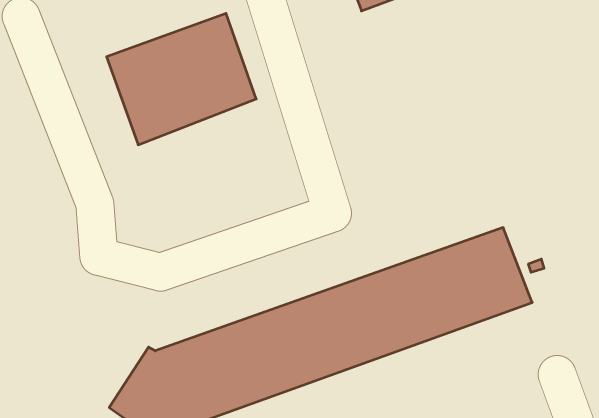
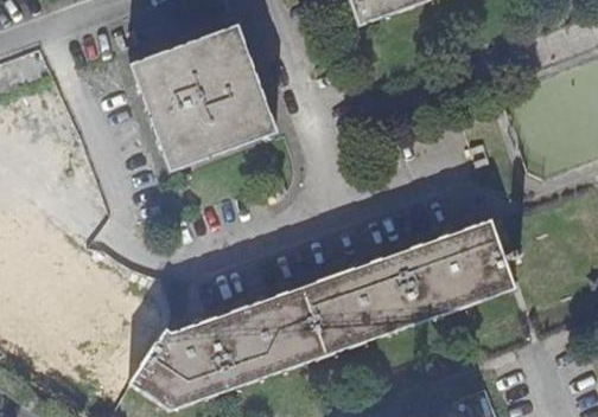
building: none -> [160,102,278,171]

